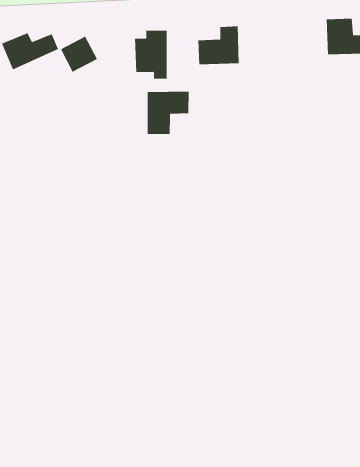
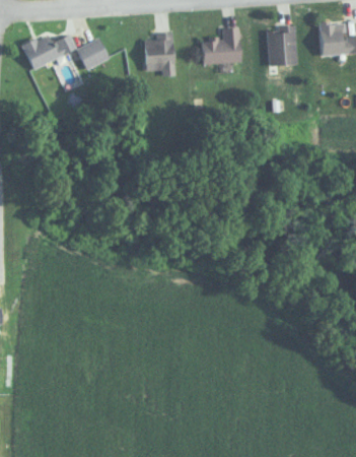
building: none -> [266,25,295,66]
building: [147,91,189,135] -> none

